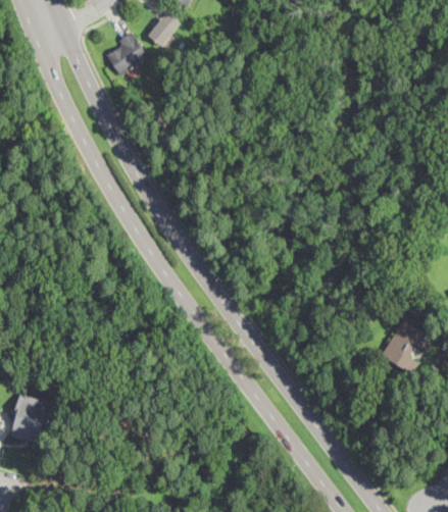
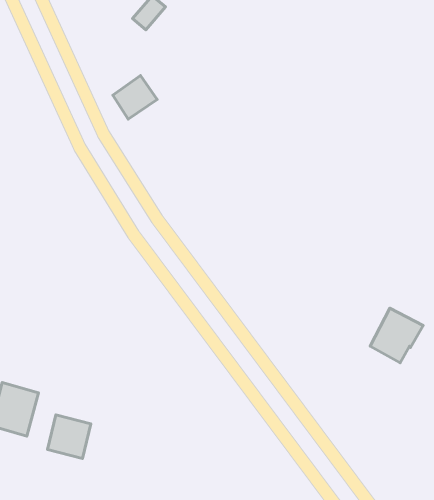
building: [103,33,147,75] -> [113,76,157,119]
building: none -> [48,415,91,459]

